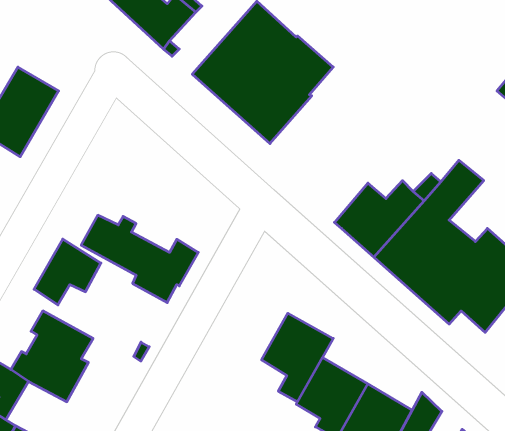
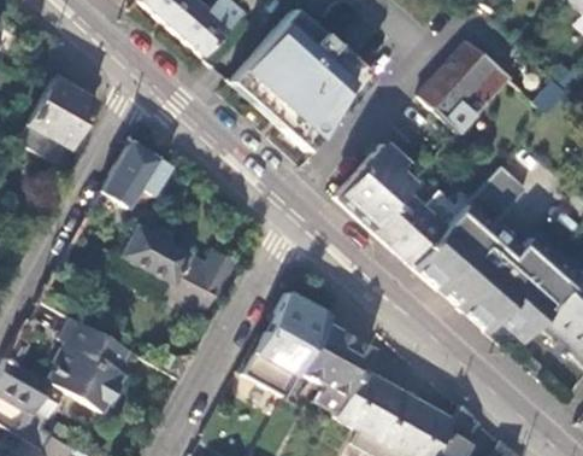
building: none -> [420,40,506,130]
building: none -> [337,144,414,230]
building: [34,239,101,305] -> [102,139,170,205]
building: none -> [243,291,331,396]

